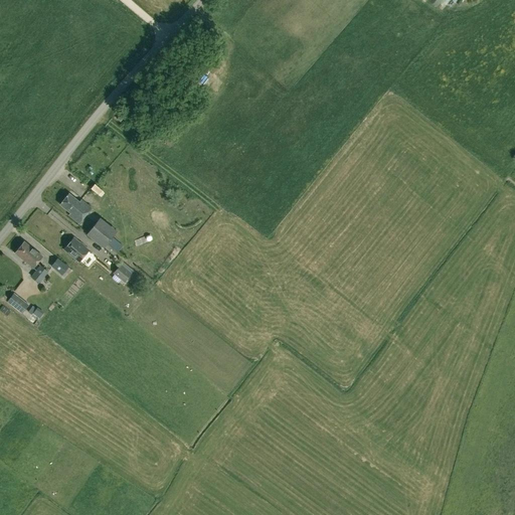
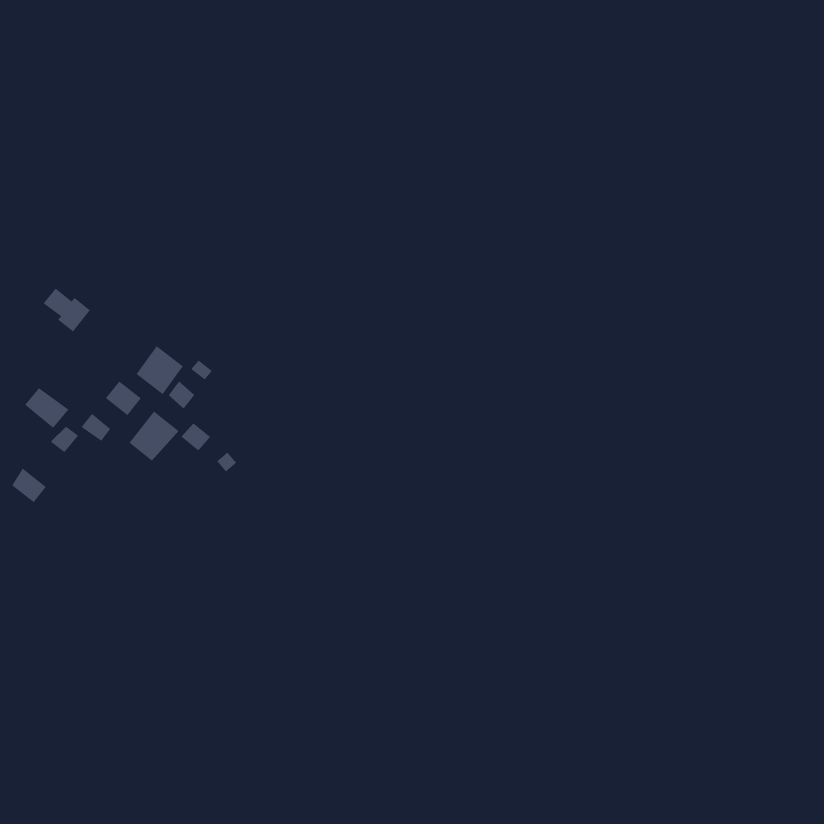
building: [60,194,91,222] -> [43,287,91,333]
building: none -> [129,411,180,461]

